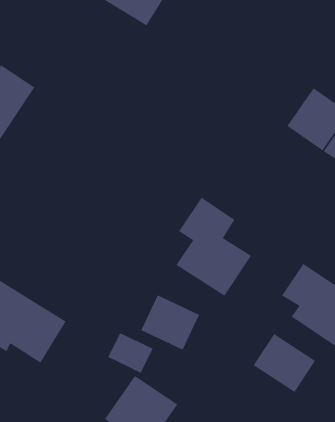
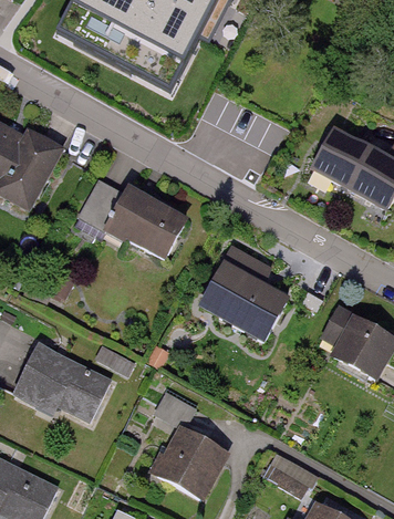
building: none -> [79,177,188,262]
building: [140,294,200,350] -> none
building: [253,333,316,393] -> none

